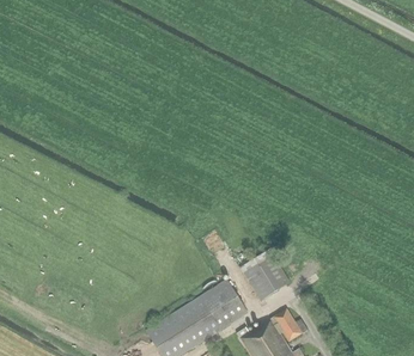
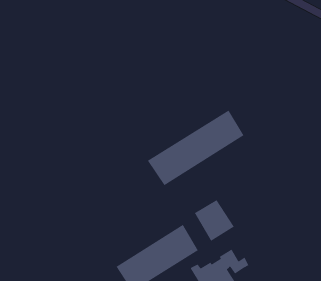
building: none -> [147,109,245,186]

